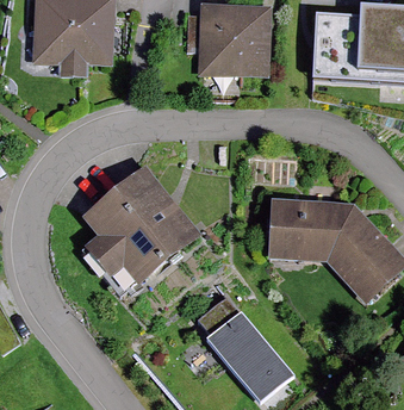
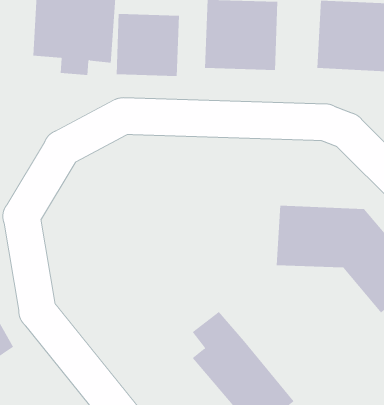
building: none -> [116,13,179,77]
building: [73,168,186,290] -> none

